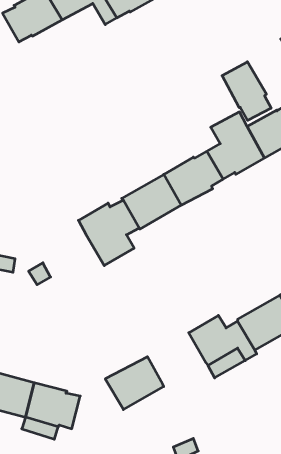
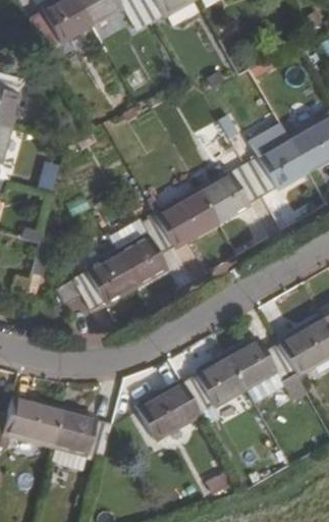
building: [222,62,271,120] -> none
building: none -> [73,253,136,309]
building: none -> [182,357,244,412]

